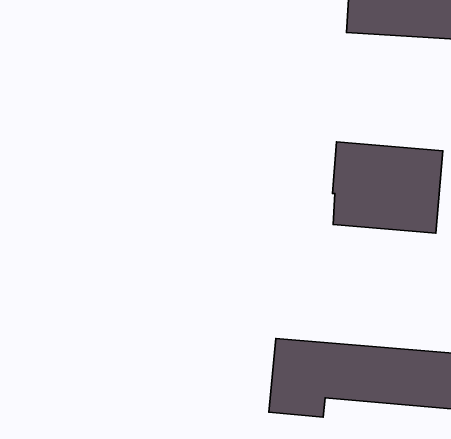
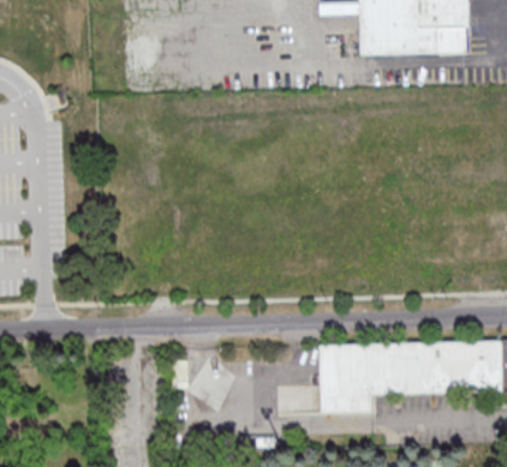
building: [333,142,443,233] -> none

